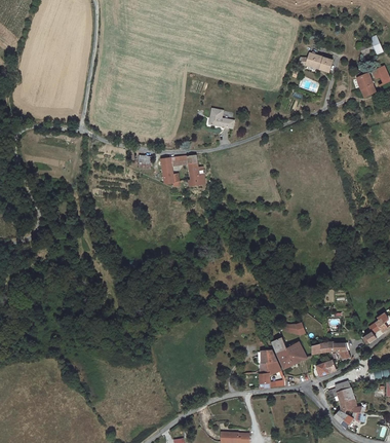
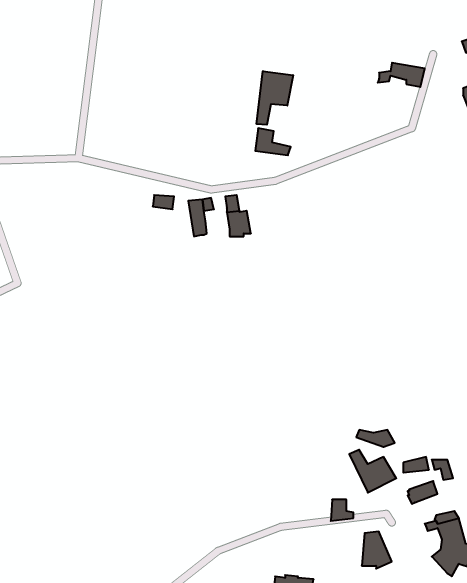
building: none -> [257,71,293,125]
building: [262,348,283,375] -> [362,532,392,569]

